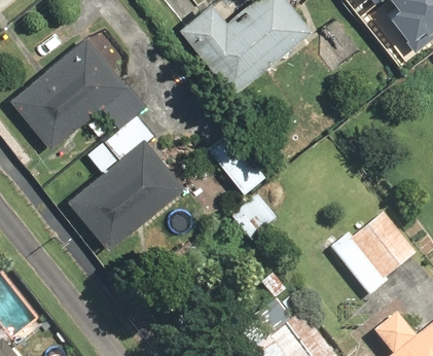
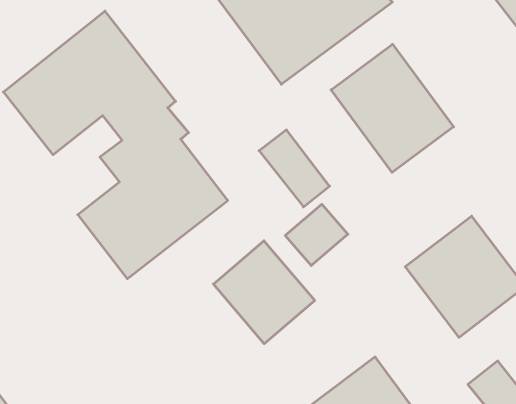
building: none -> [331,44,454,172]
building: none -> [213,241,315,344]

